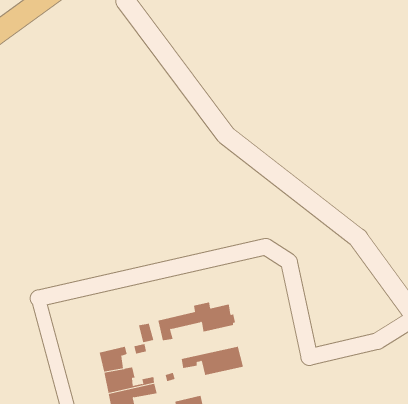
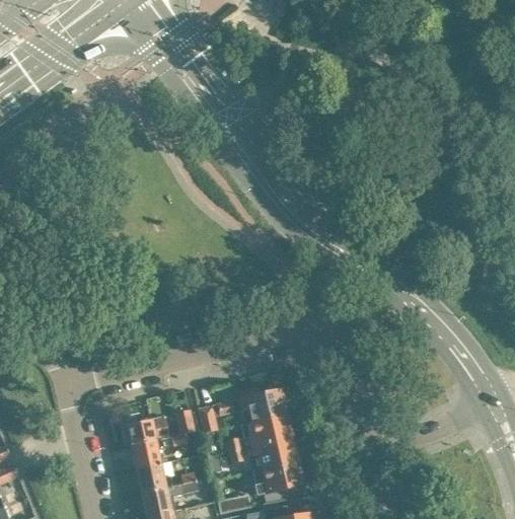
building: none -> [223,415,291,453]
building: none -> [120,418,168,446]
building: none -> [252,462,302,496]

